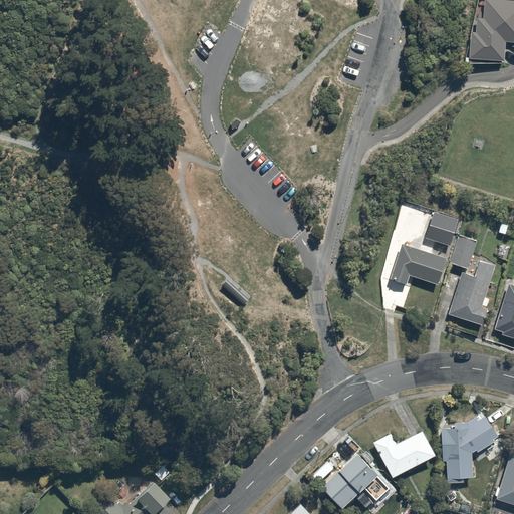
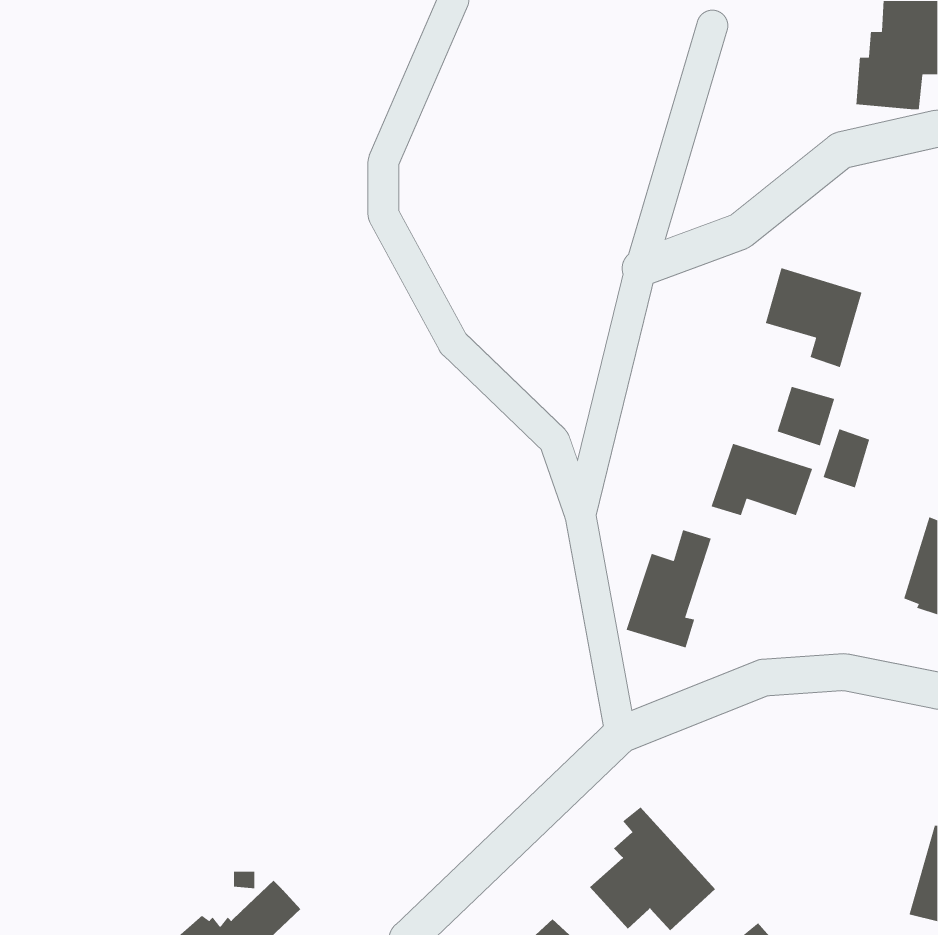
building: none -> [765,267,862,368]
building: [448,260,495,325] -> [625,529,712,648]
building: [442,415,497,484] -> none
building: [372,430,439,480] -> none

